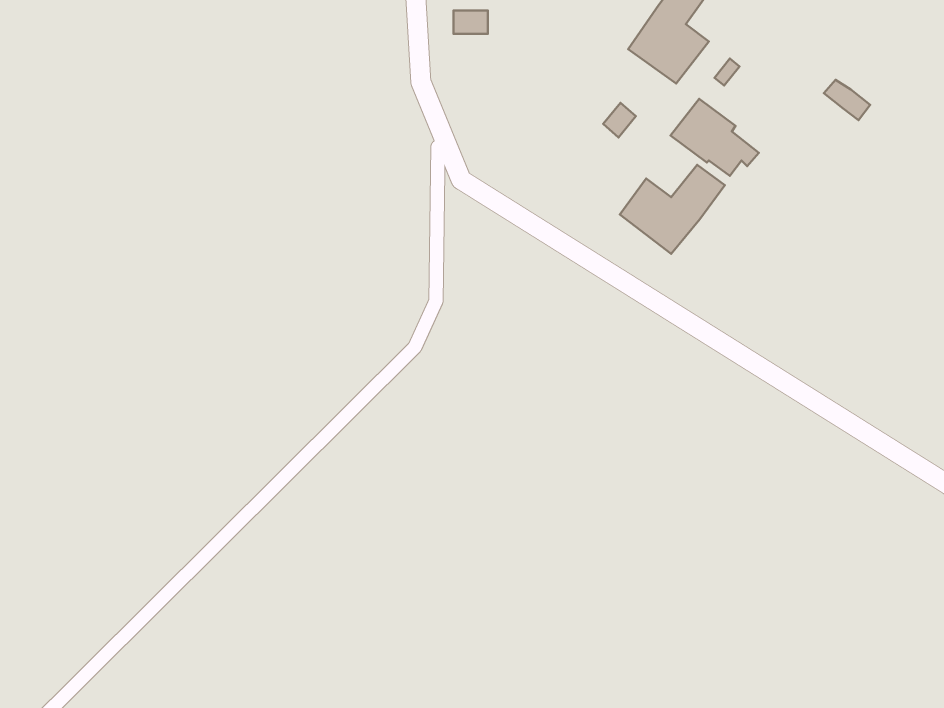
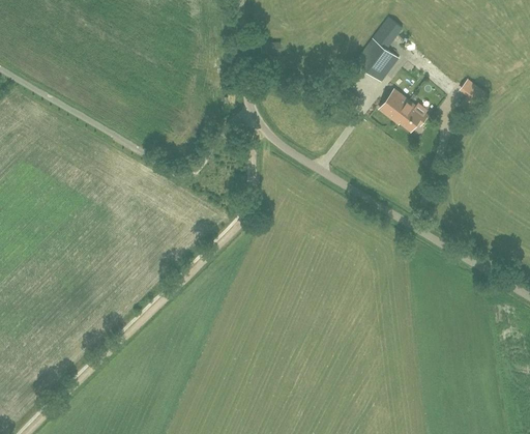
building: [620,165,725,254] -> none

